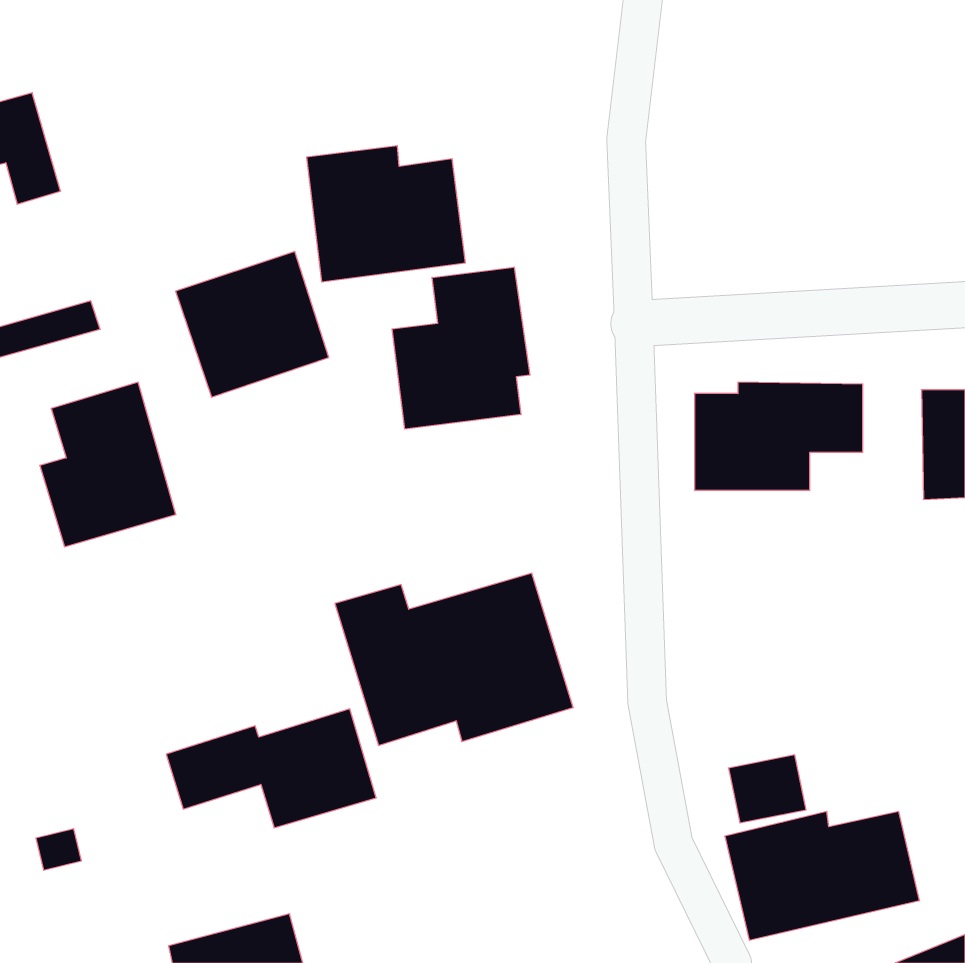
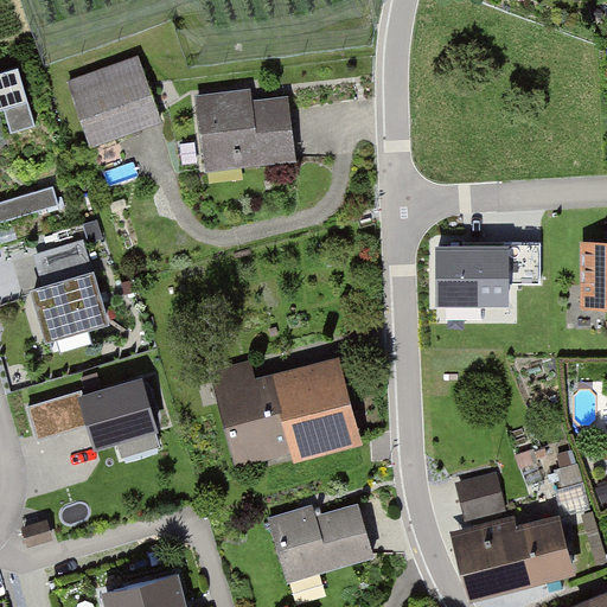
building: [176,252,329,397] -> [66,46,162,138]
building: [392,267,530,429] -> none
building: [166,709,376,828] -> [26,378,158,453]
building: none -> [267,504,372,581]

